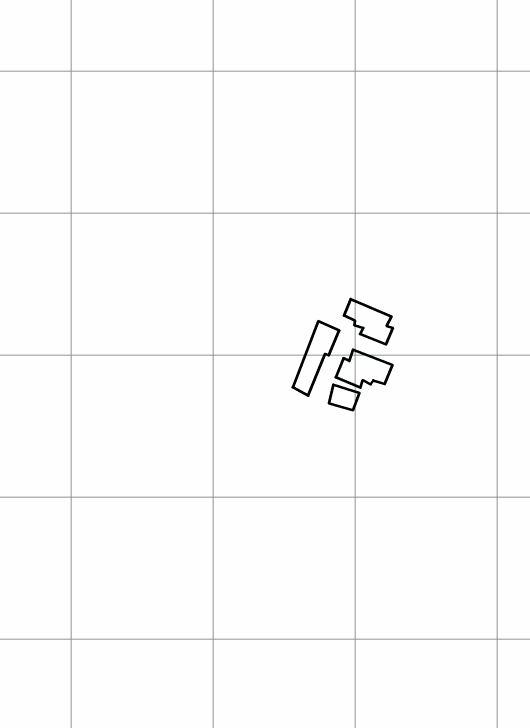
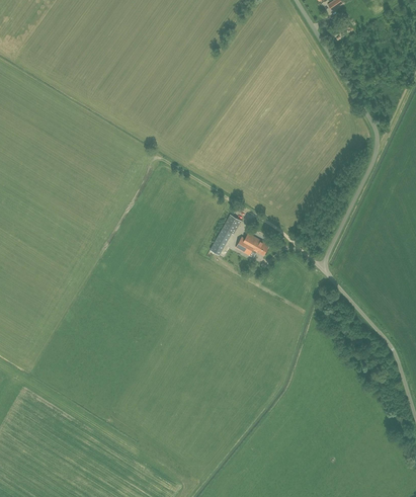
building: [344,299,393,344] -> none

